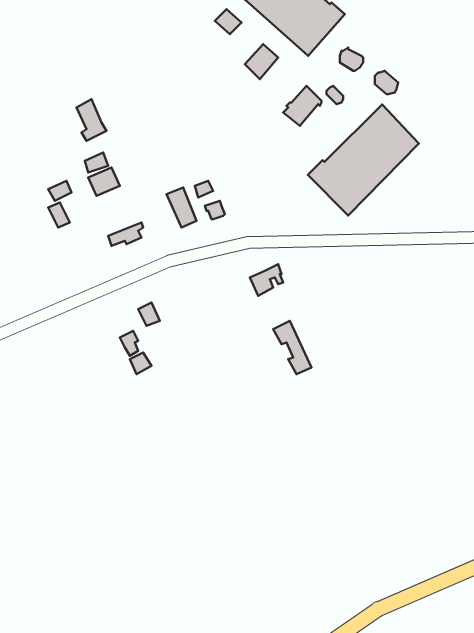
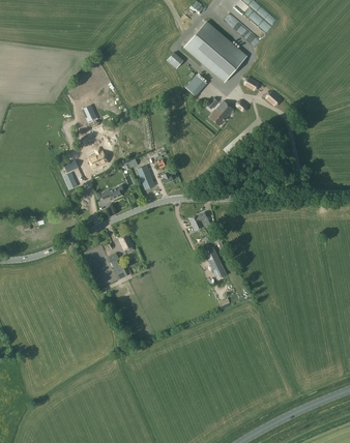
building: [308,105,419,215] -> none

